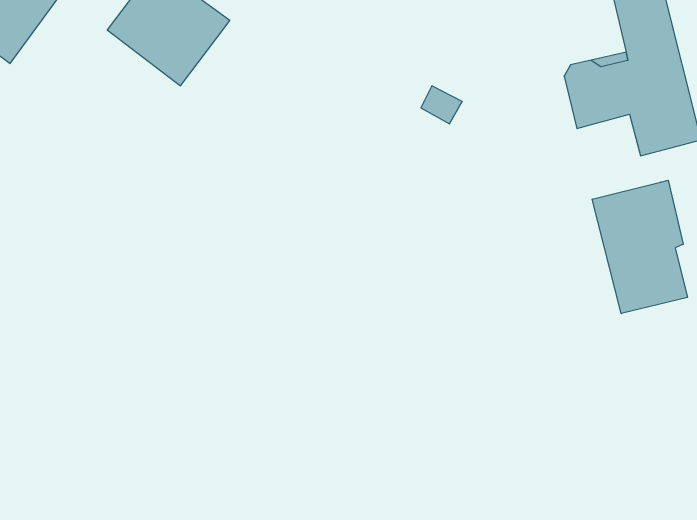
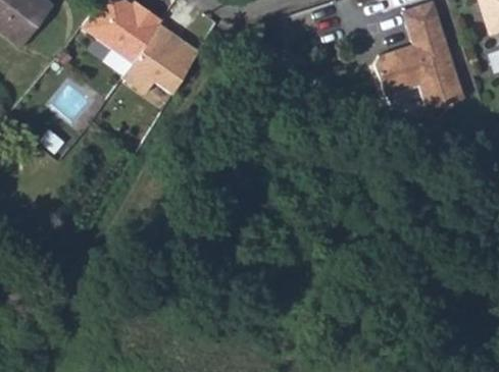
building: none -> [119,26,196,96]
building: [592,180,688,314] -> none

